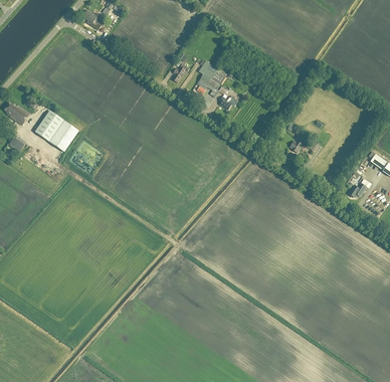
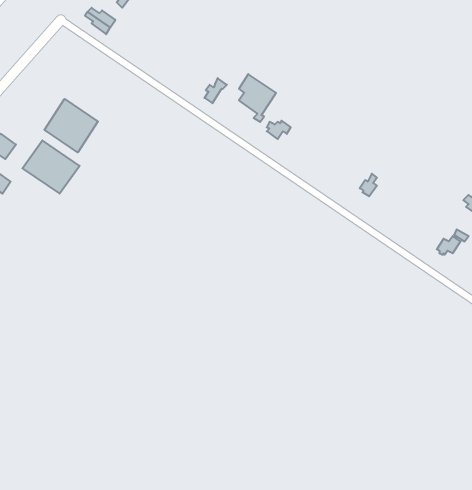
building: none -> [44,99,98,152]

